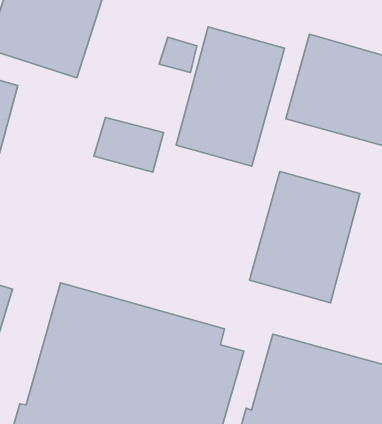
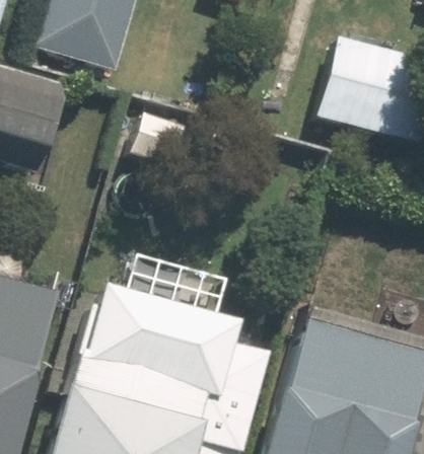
building: [176,27,285,166] -> none
building: [250,171,360,303] -> none

